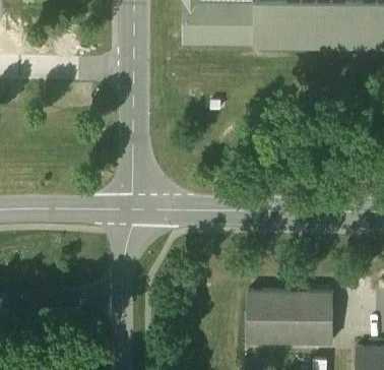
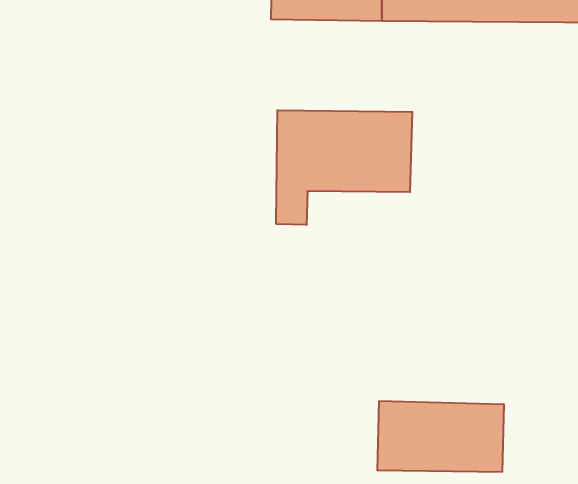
building: none -> [276,110,412,225]

